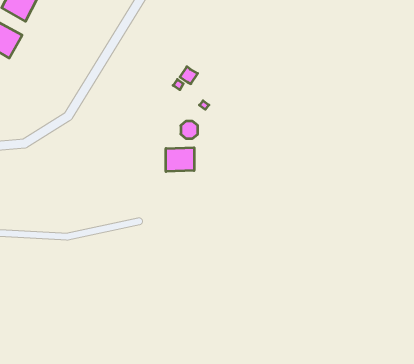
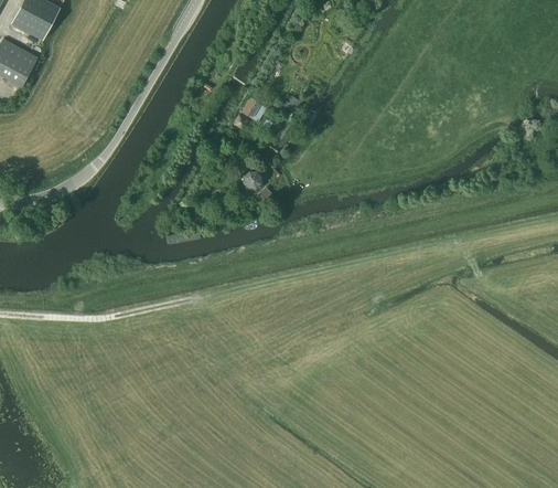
building: [166,148,194,172] -> none

